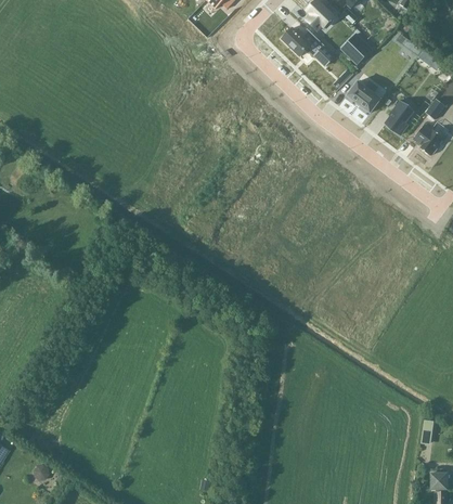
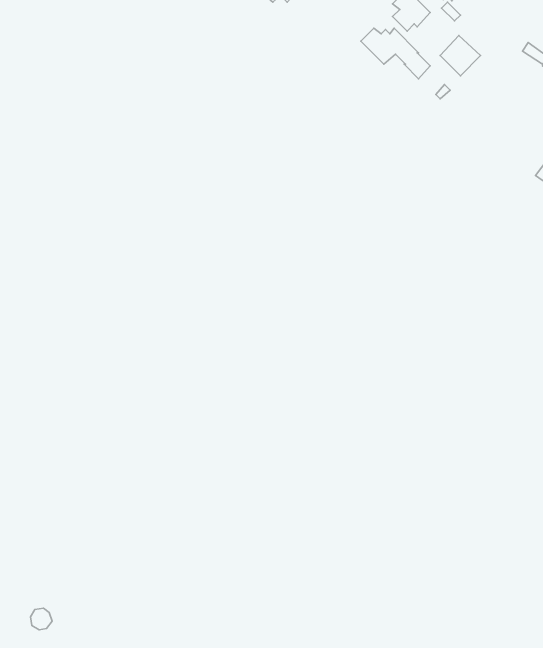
building: [348,80,381,112] -> none
building: [381,96,410,130] -> none

